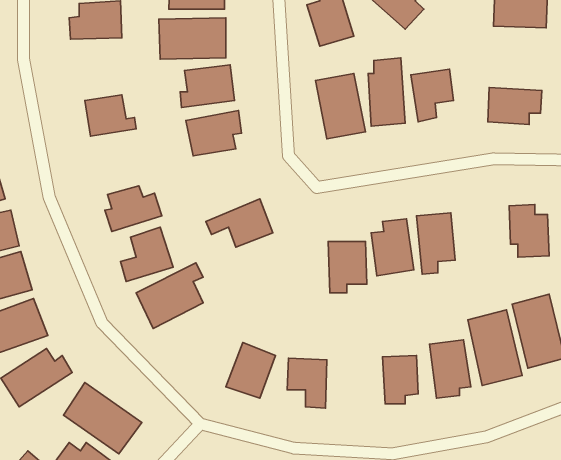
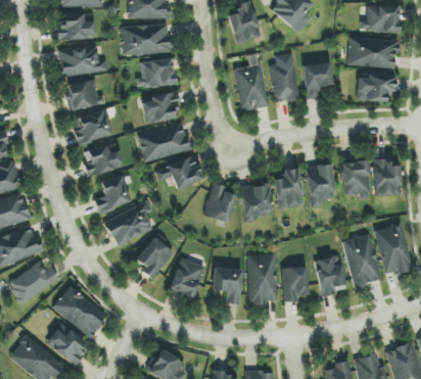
building: none -> [347,38,395,67]
building: none -> [58,46,106,76]
building: none -> [73,109,111,145]
building: none -> [137,124,189,160]
building: none -> [342,161,369,199]
building: none -> [204,183,234,222]
building: none -> [136,237,174,279]
building: none -> [246,254,276,303]

